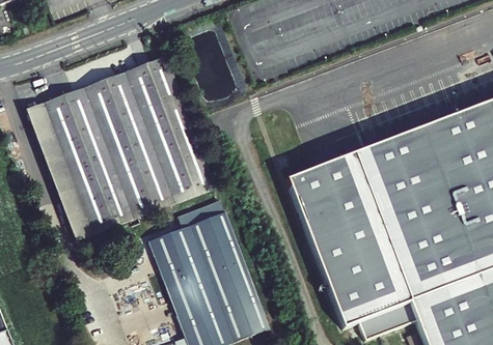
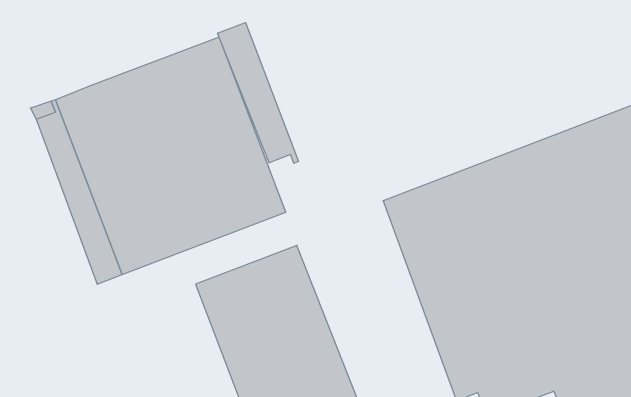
building: none -> [218,23,298,163]

